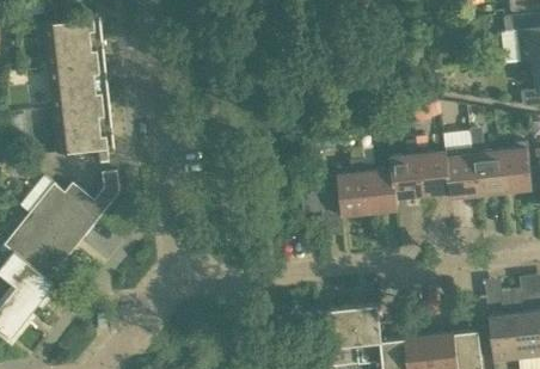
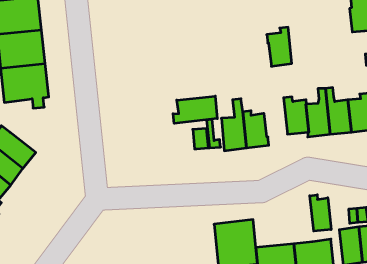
building: none -> [173,96,217,123]
building: [389,148,422,198] -> [267,27,292,66]
building: [65,171,119,219] -> none
building: none -> [310,195,331,231]

